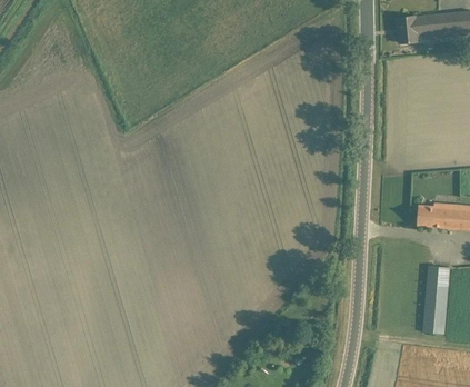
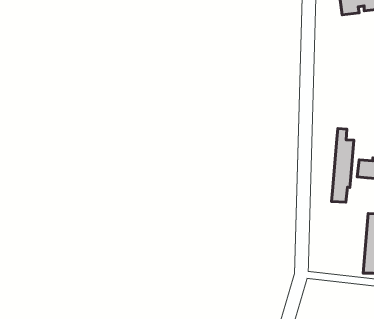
building: none -> [332,128,354,202]

